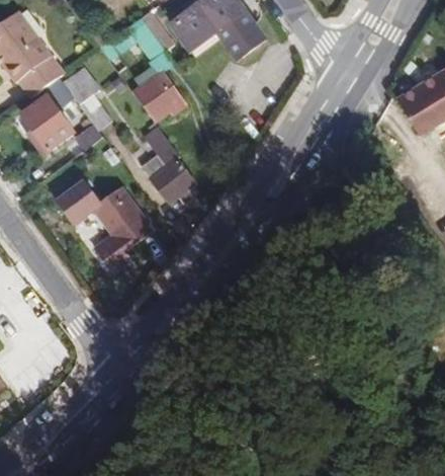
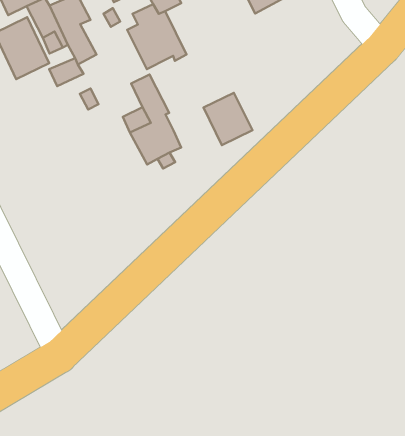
building: none -> [203,93,252,145]
building: [56,180,153,272] -> none

